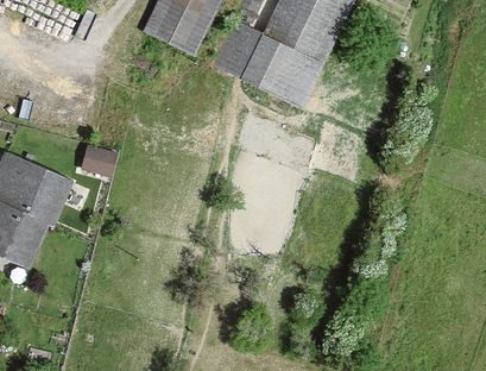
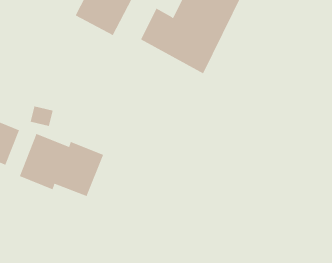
building: none -> [19,133,104,197]

